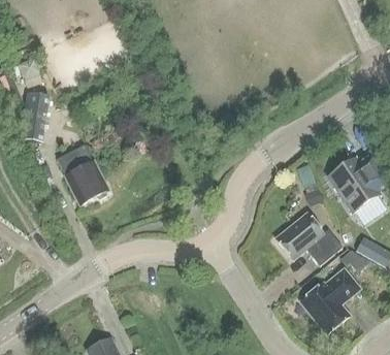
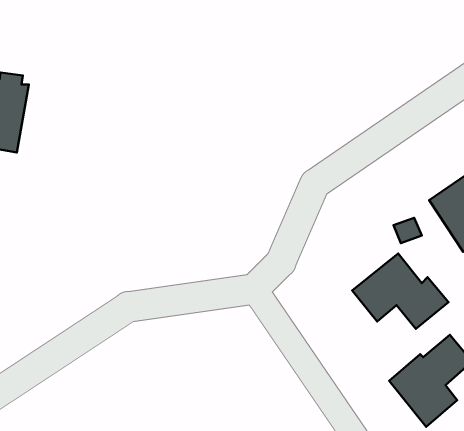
building: [58,144,108,204] -> none

